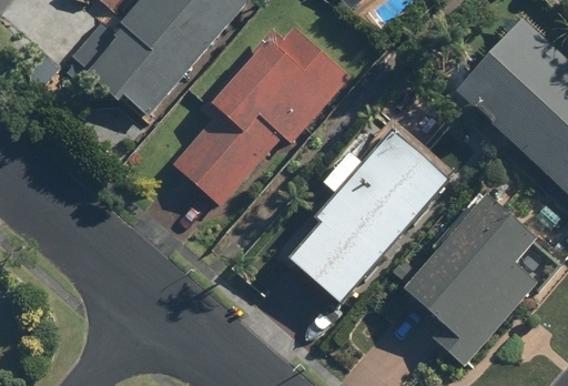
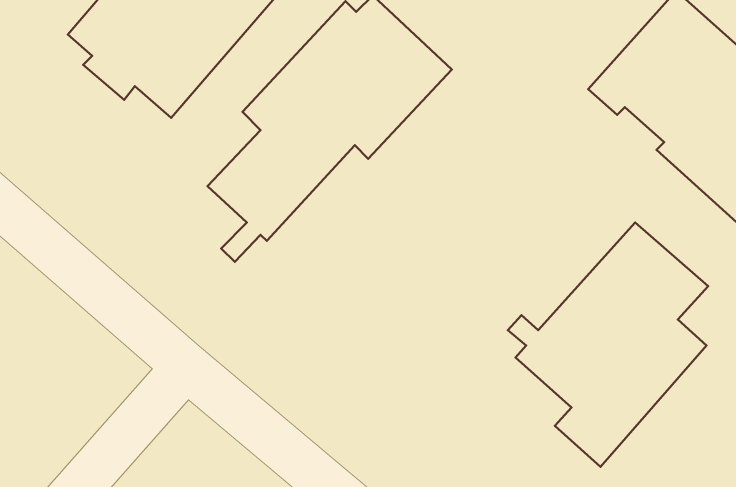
building: [287,114,455,306] -> none

